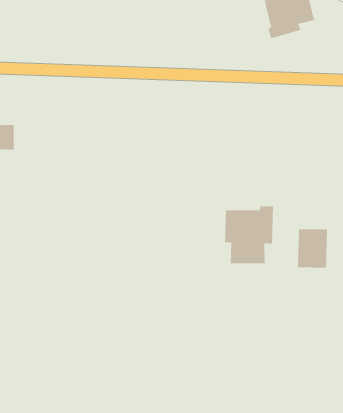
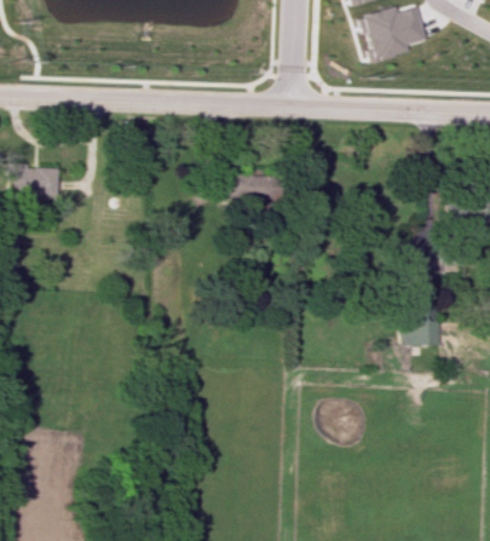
building: [225,206,274,264] -> none

